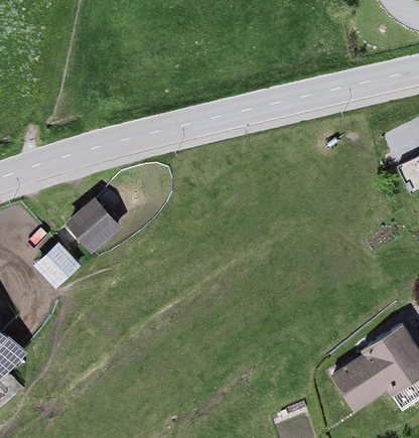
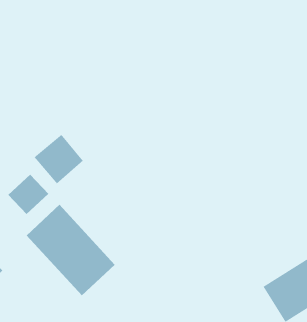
building: none -> [26,204,115,296]

